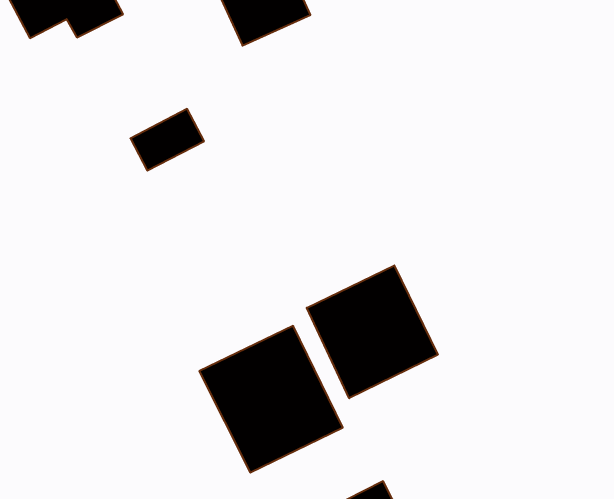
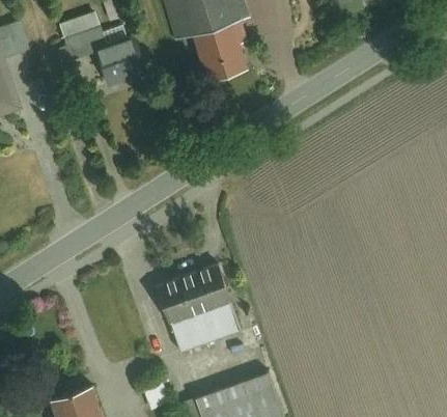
building: [130,109,204,171] -> [99,53,145,89]
building: [307,265,438,398] -> none

